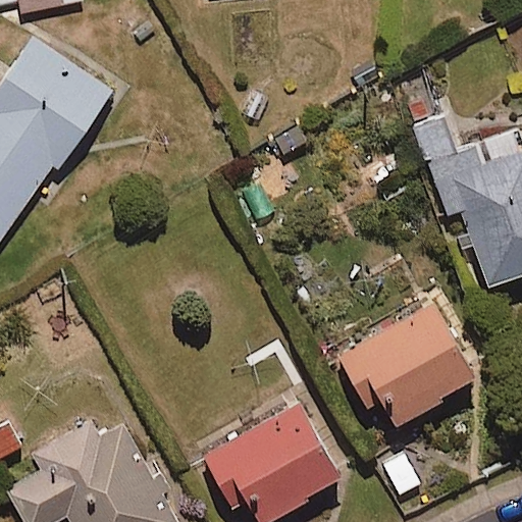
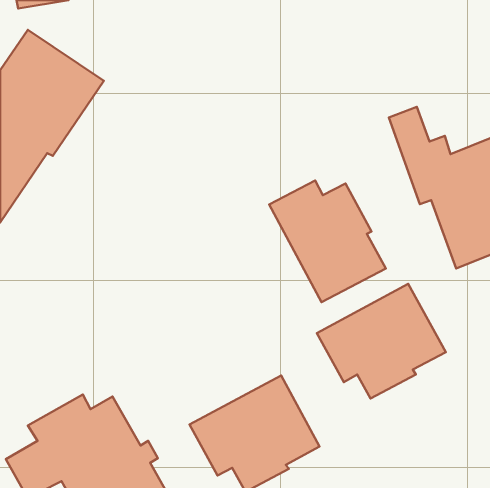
building: none -> [269,180,386,302]

